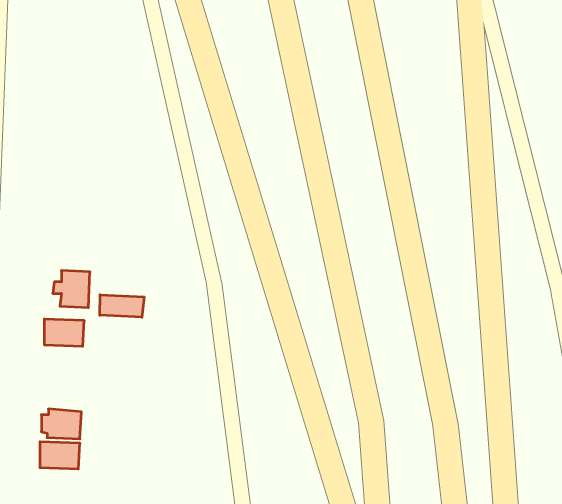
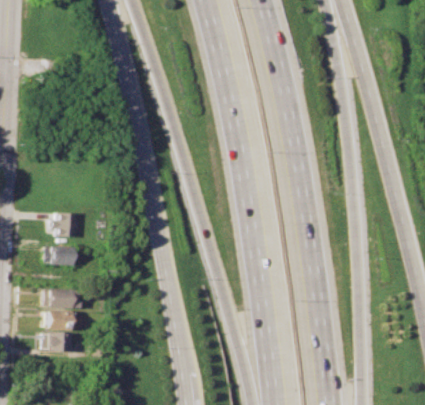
building: [100,295,144,317] -> none
building: none -> [45,289,80,308]

